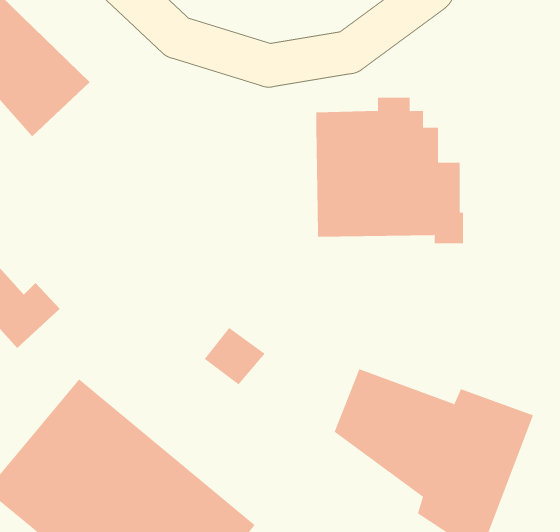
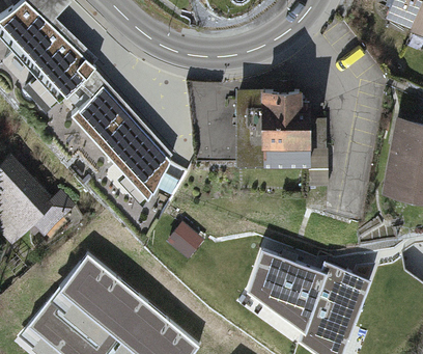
building: none -> [69,86,169,200]

